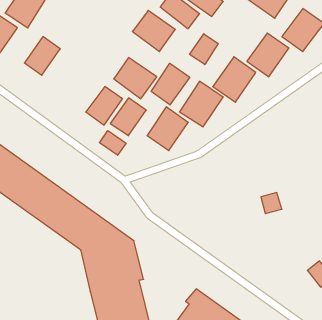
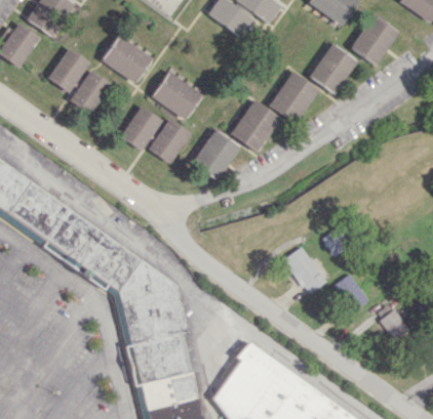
building: [132,10,175,52] -> [103,35,153,83]
building: [190,34,218,65] -> none
building: none -> [70,69,114,116]
building: [151,63,190,105] -> none
building: [99,131,126,155] -> none
building: none -> [284,247,326,294]
building: none -> [333,274,370,311]

